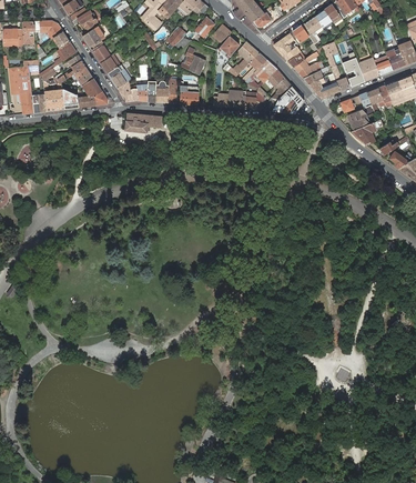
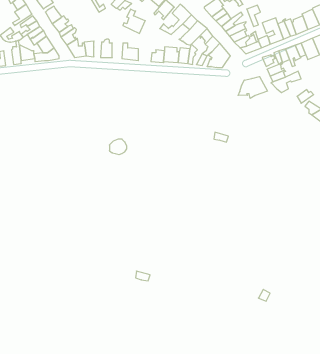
building: [125,112,163,132] -> none
building: none -> [238,77,267,98]

